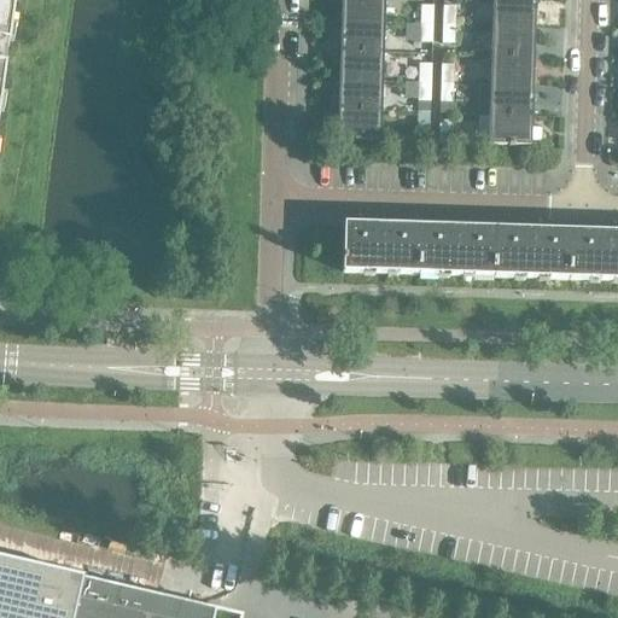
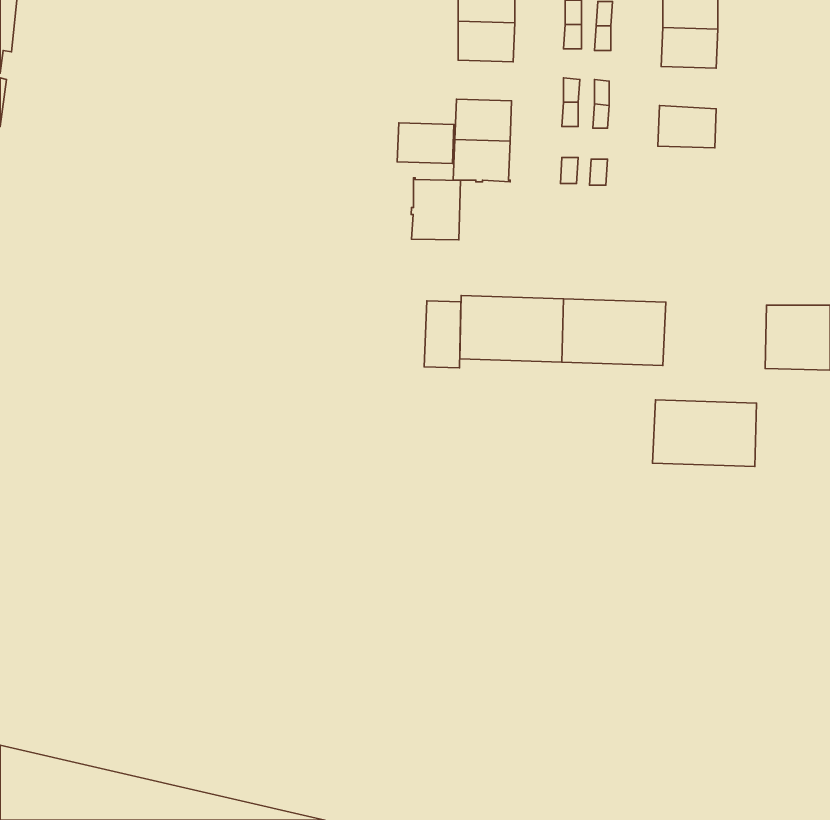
building: [339,45,381,75] -> [397,123,454,163]
building: [490,49,532,81] -> none
building: [488,109,531,140] -> none
building: none -> [411,178,461,240]
building: none -> [424,301,461,368]
building: [492,225,570,274] -> [652,400,756,467]

